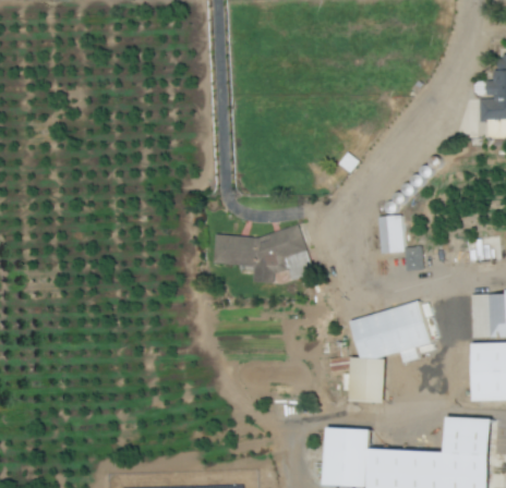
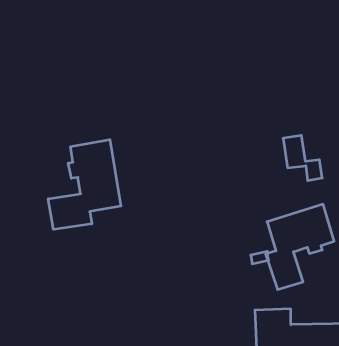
building: none -> [48,140,121,229]
building: [210,225,309,283] -> none

